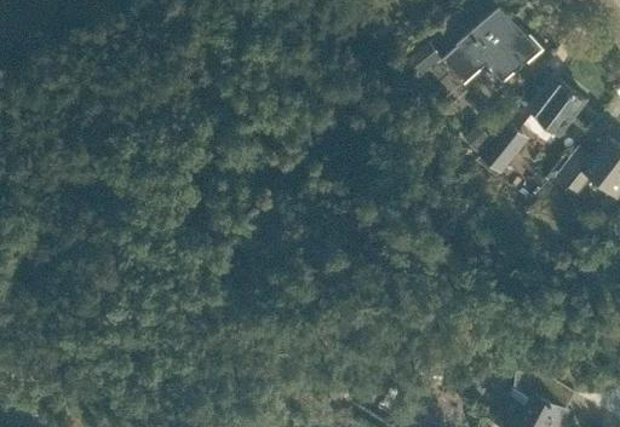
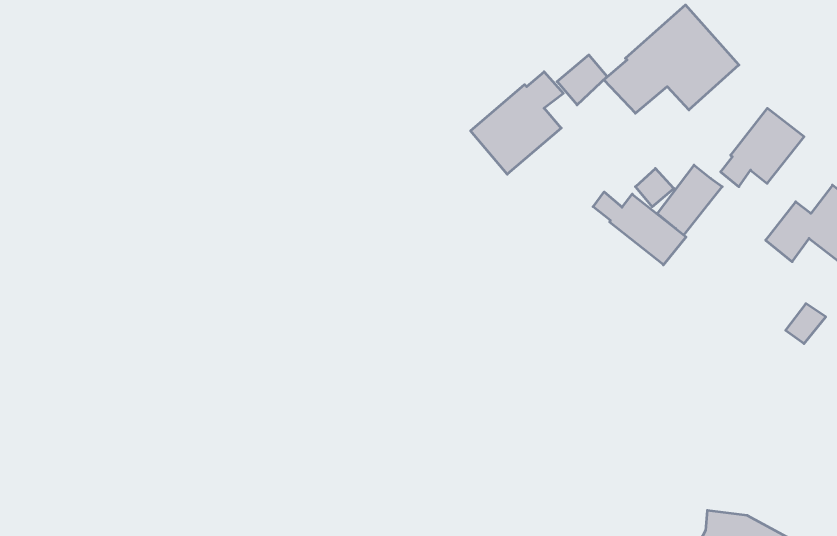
building: none -> [471,72,563,174]
building: none -> [593,192,686,265]

